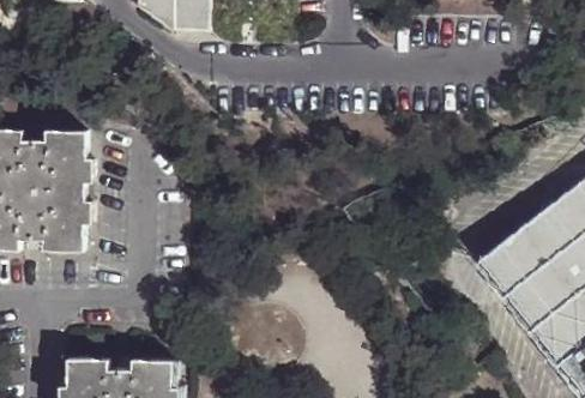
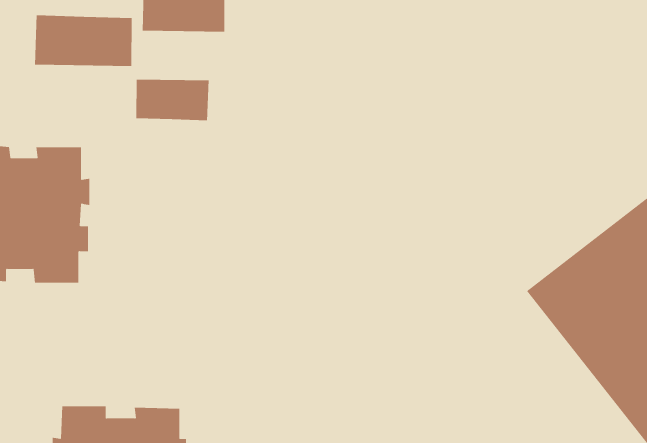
building: none -> [34,15,132,67]
building: none -> [136,79,209,121]

